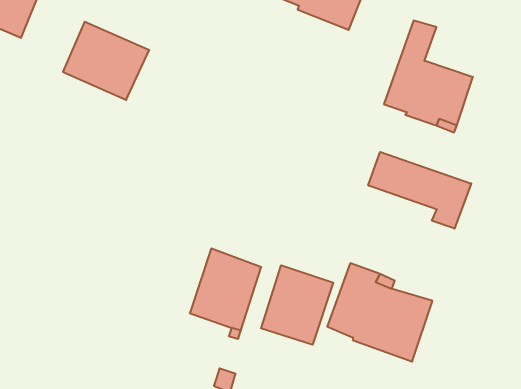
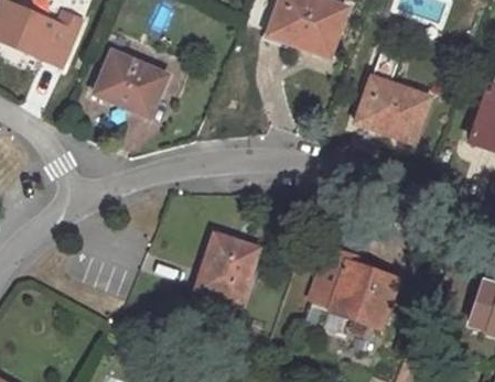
building: [368,152,471,229] -> none
building: [261,265,333,345] -> none

